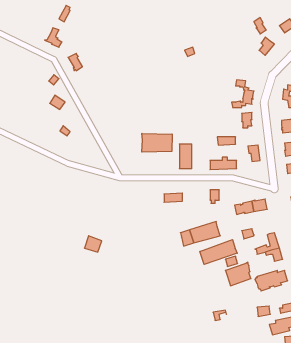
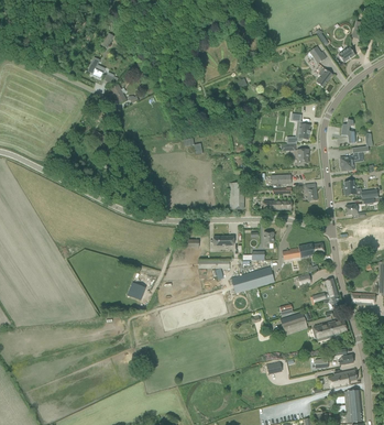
building: [142,133,172,152] -> none
building: [200,240,237,264] -> none

